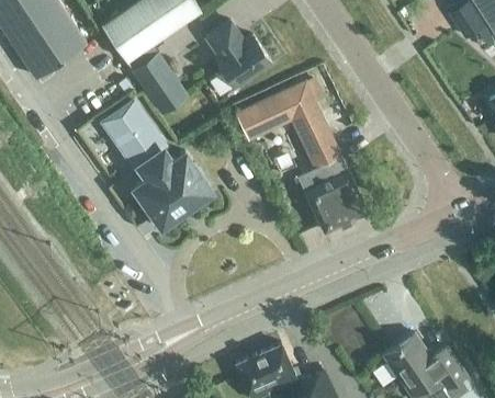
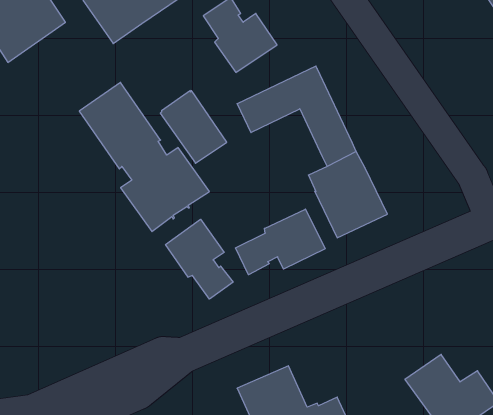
building: [131,52,189,115] -> [160,91,227,163]
building: none -> [235,209,325,275]
building: none -> [166,219,233,299]

